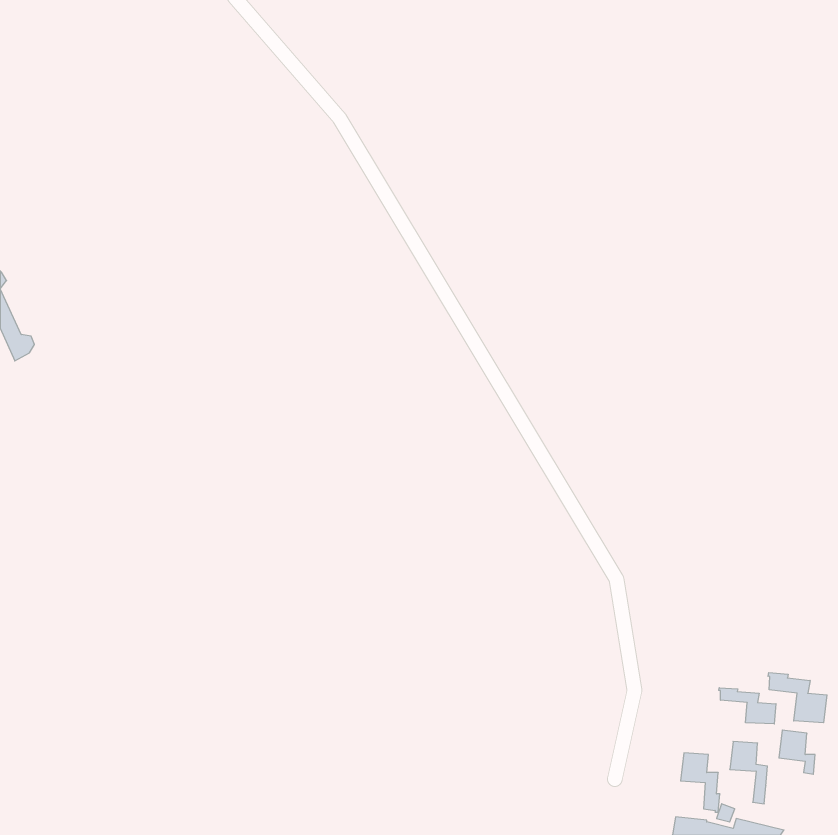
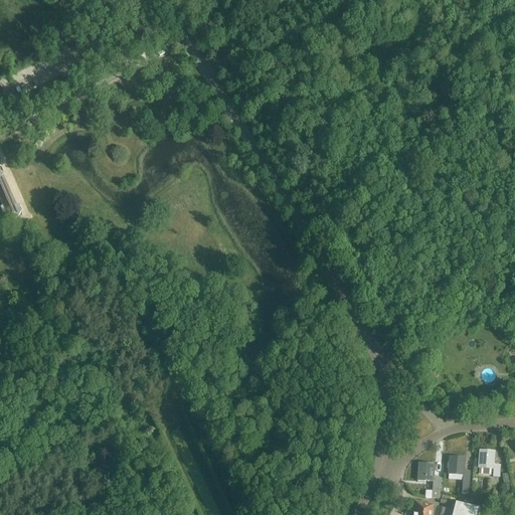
building: [768,673,827,723] -> none
building: [719,688,776,724] -> none

